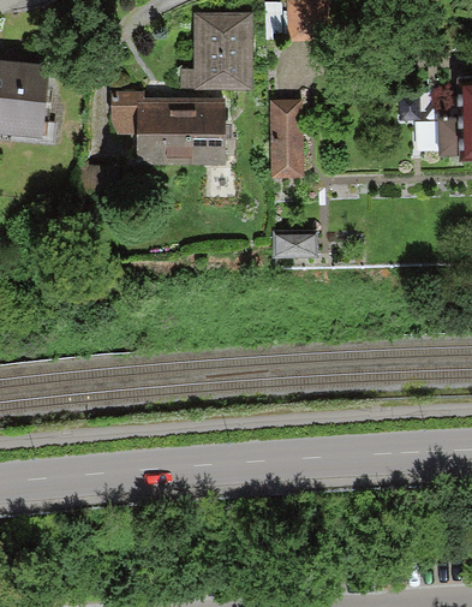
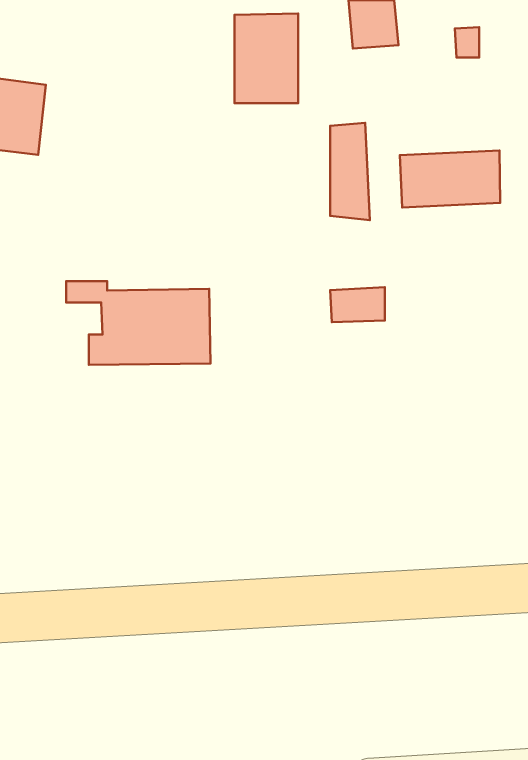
building: [110,94,225,160] -> [66,281,211,365]
building: none -> [400,151,500,208]

